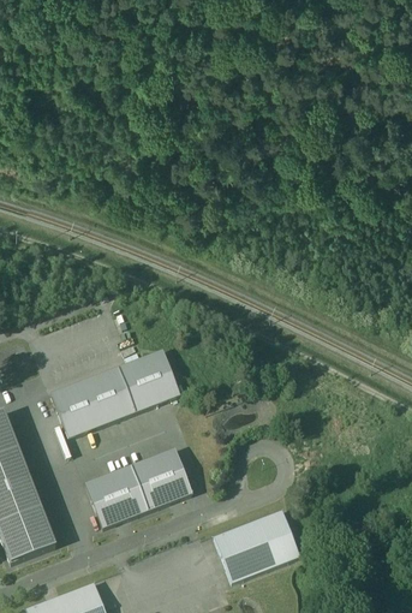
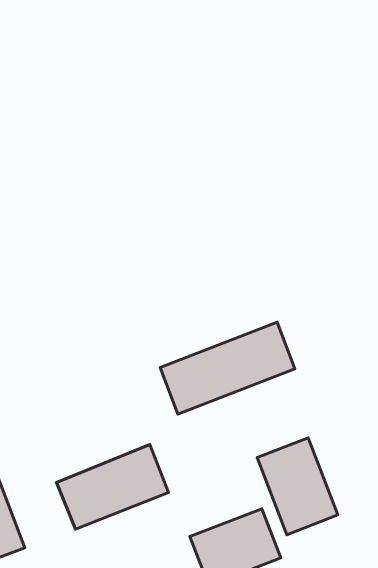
building: [52,350,180,438] -> [160,322,295,414]
building: none -> [257,438,338,535]

